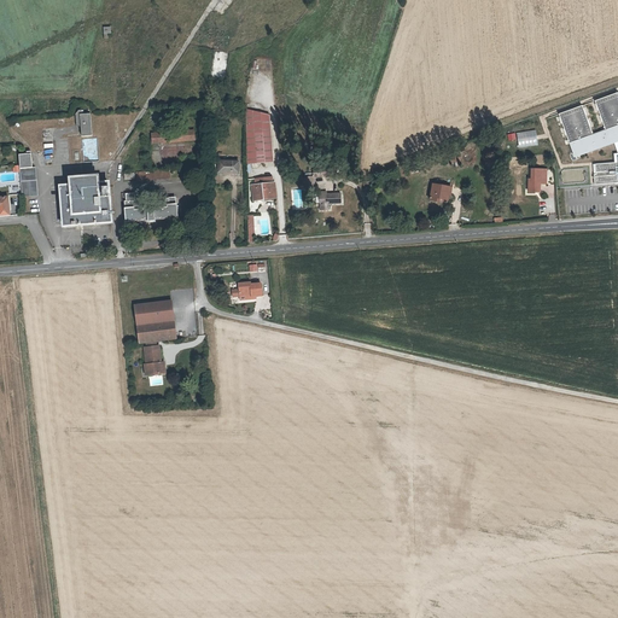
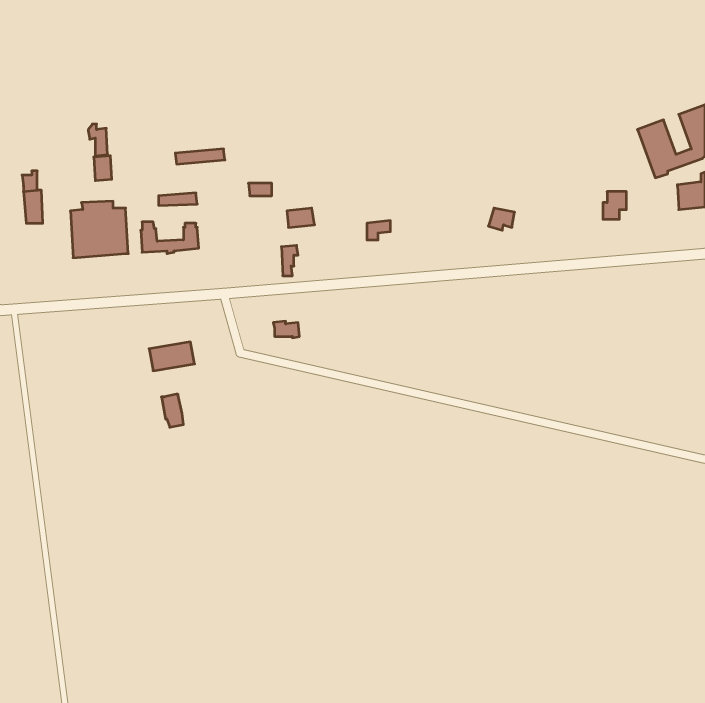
building: [247,107,275,164] -> none
building: [134,319,174,343] -> none

